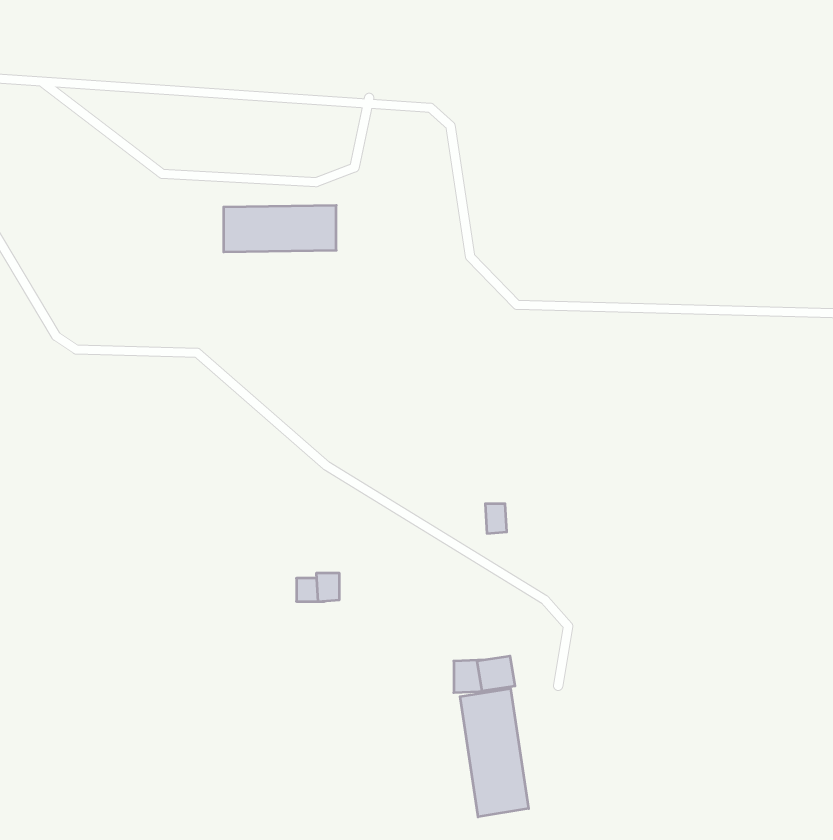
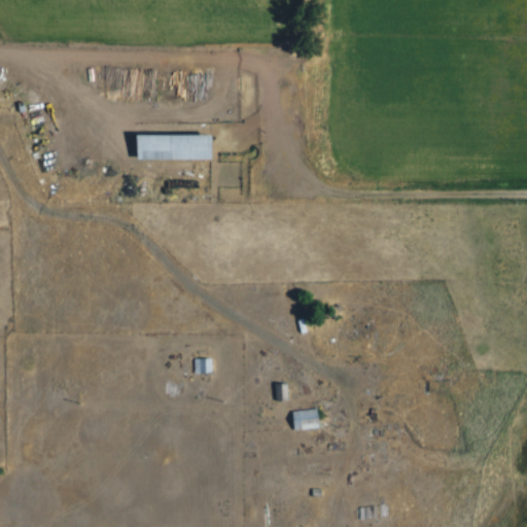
building: [460,688,529,817] -> none

